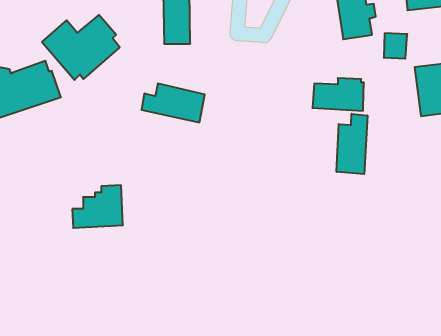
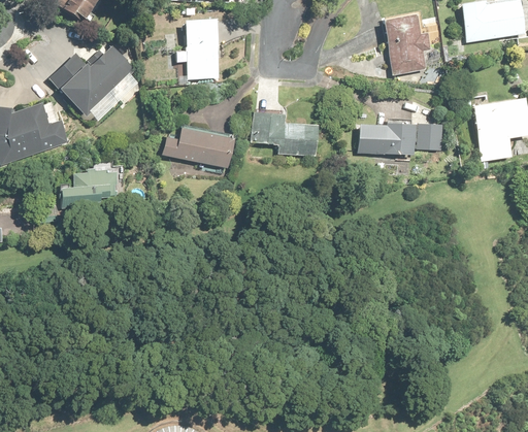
building: [384,33,407,59] -> [417,123,443,152]
building: none -> [251,110,319,156]
building: [337,114,367,174] -> none
building: [72,185,123,228] -> [61,159,119,207]

